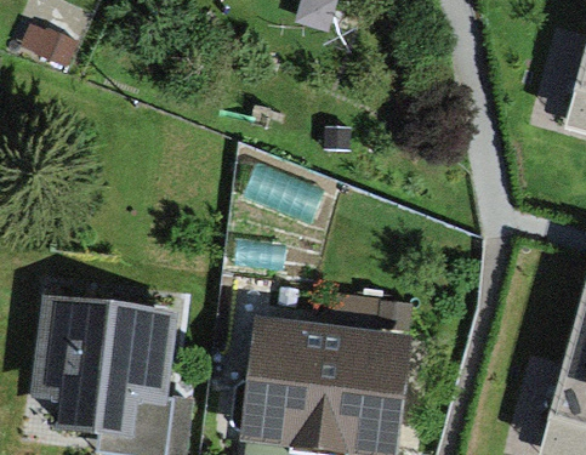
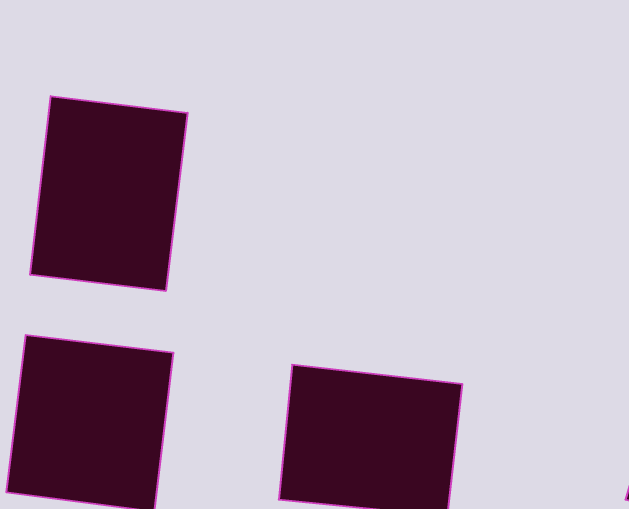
building: none -> [30,96,188,291]

